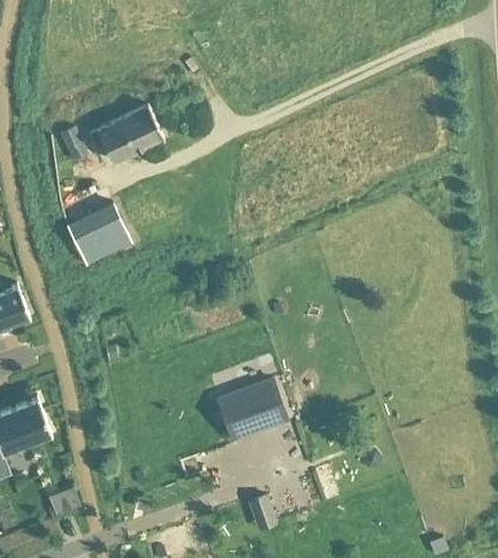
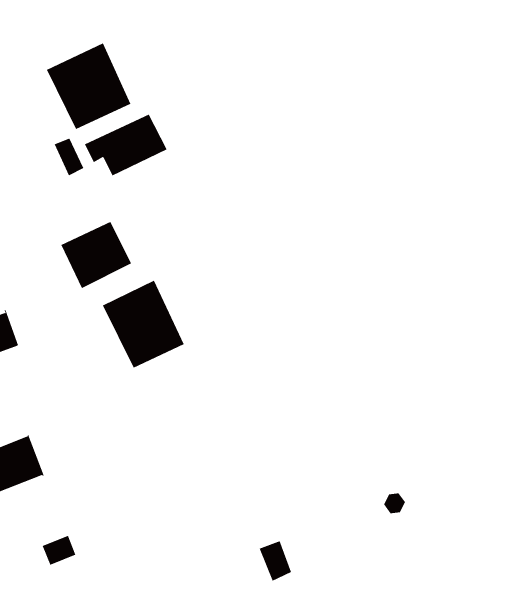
building: none -> [46,42,131,130]
building: none -> [102,280,185,369]
building: [217,381,283,432] -> none

